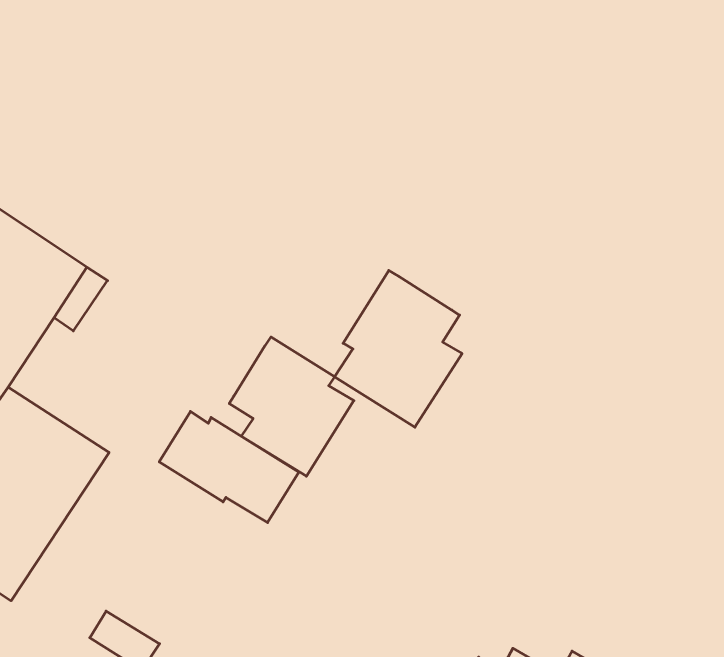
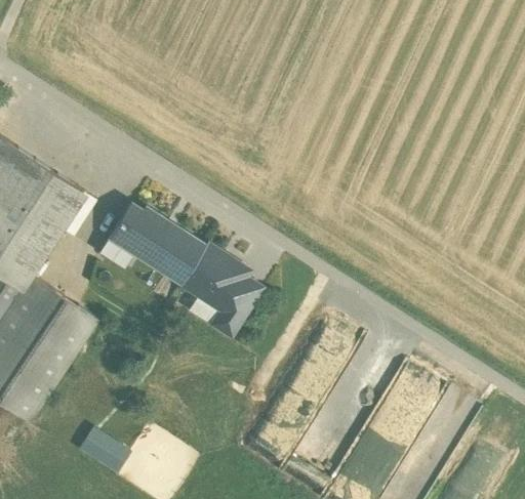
building: [334,270,462,427] -> none
building: [159,411,299,523] -> [108,204,204,281]

